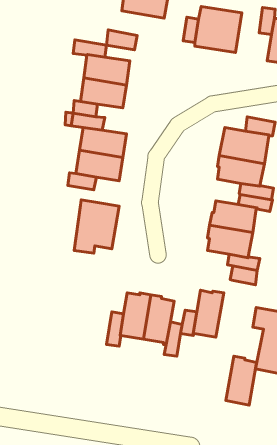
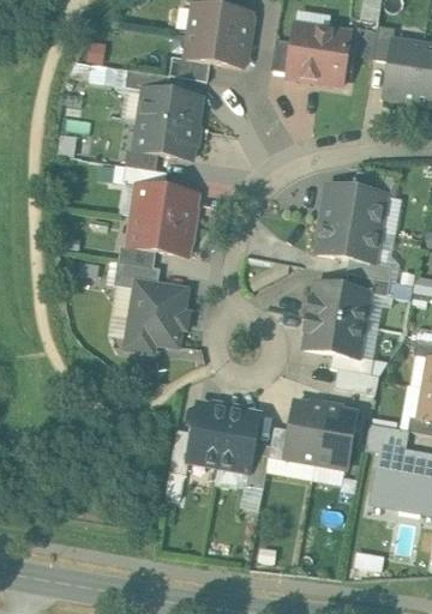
building: none -> [186,29,247,66]
building: none -> [114,260,161,287]
building: [226,356,256,405] -> [316,403,356,468]

